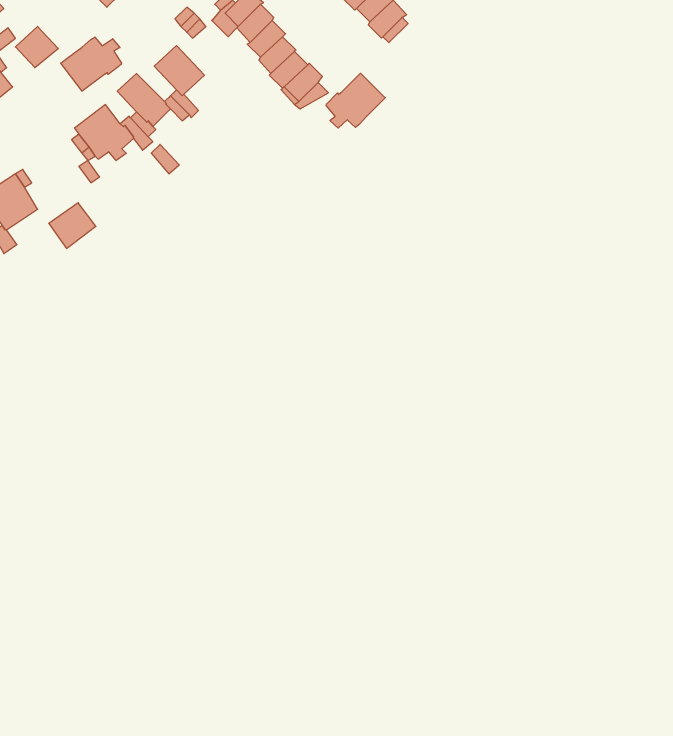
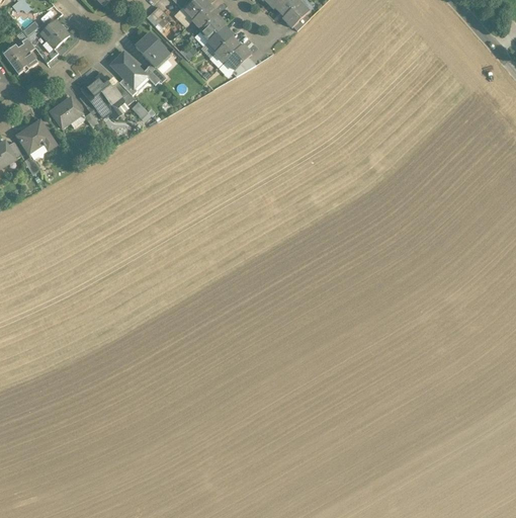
building: [61,37,122,91] -> none
building: [326,73,385,128] -> none
building: [49,203,96,248] -> [50,96,82,127]

